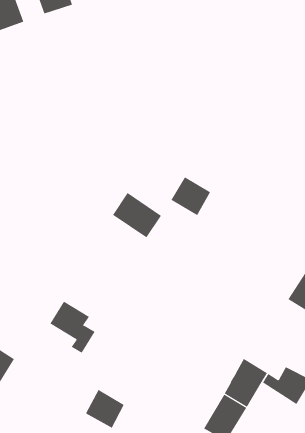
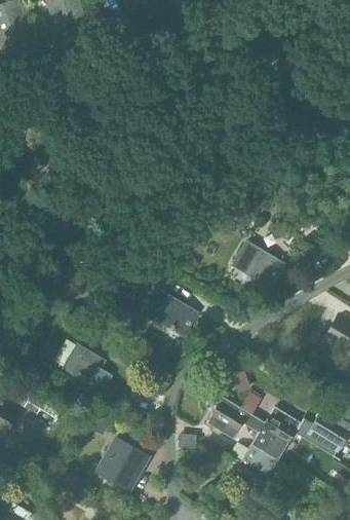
building: [170,176,211,216] -> [240,246,284,289]
building: [112,192,162,238] -> [145,287,199,337]
building: none -> [206,396,264,438]

